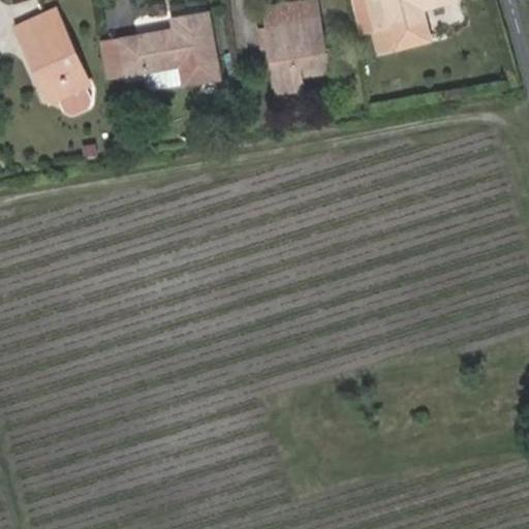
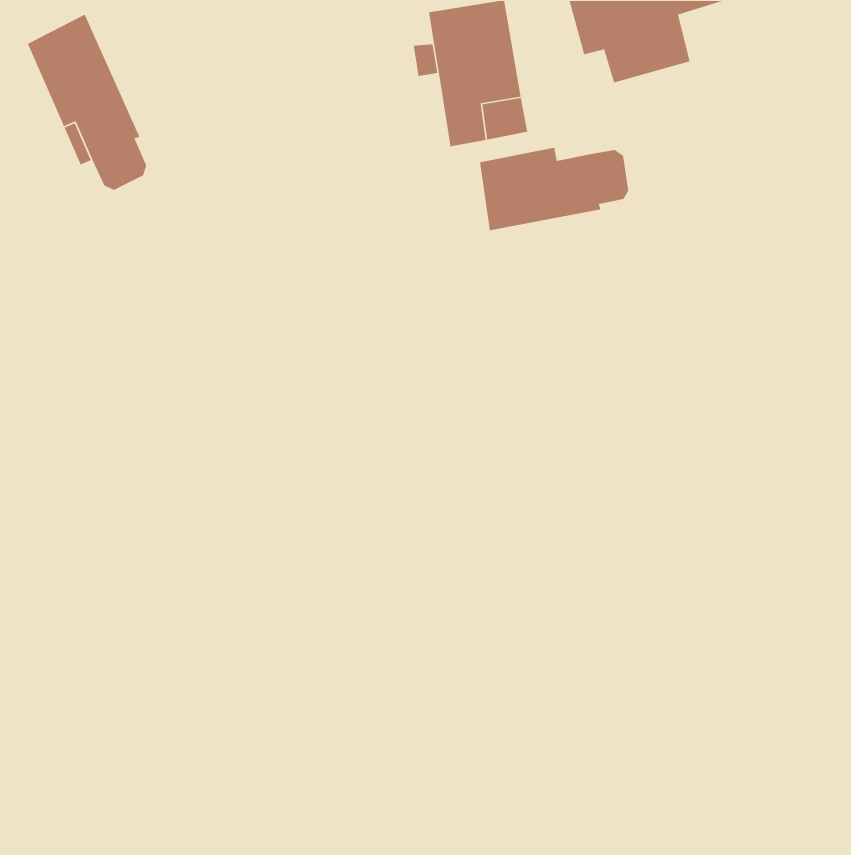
building: [119,11,218,83] -> none
building: none -> [479,147,629,231]

